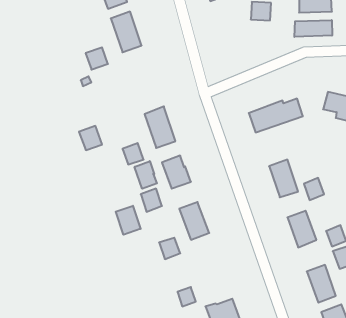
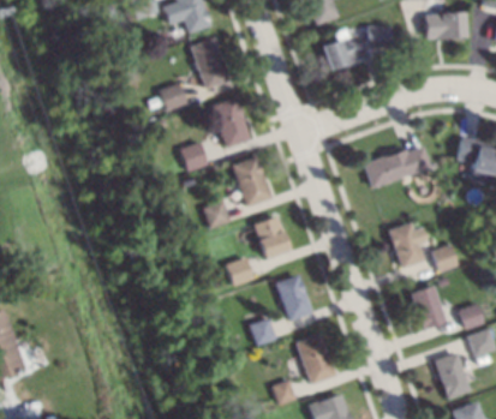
building: none -> [319,32,363,70]
building: [294,20,332,37] -> none
building: none -> [210,96,250,148]
building: [79,126,102,150] -> [179,140,208,170]
building: [135,161,157,189] -> none
building: [116,206,141,235] -> none
building: none -> [295,333,336,384]

